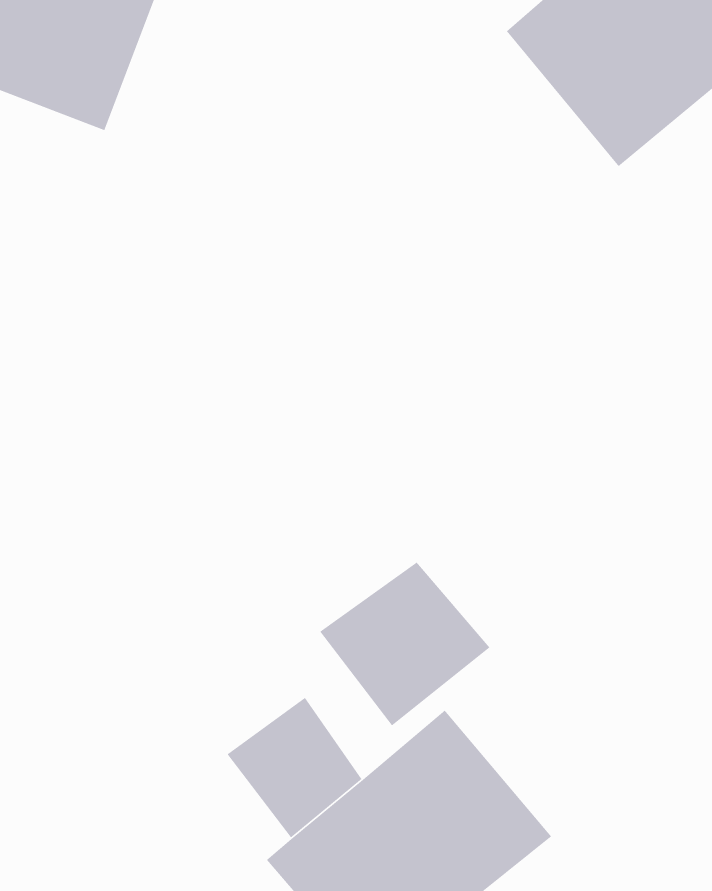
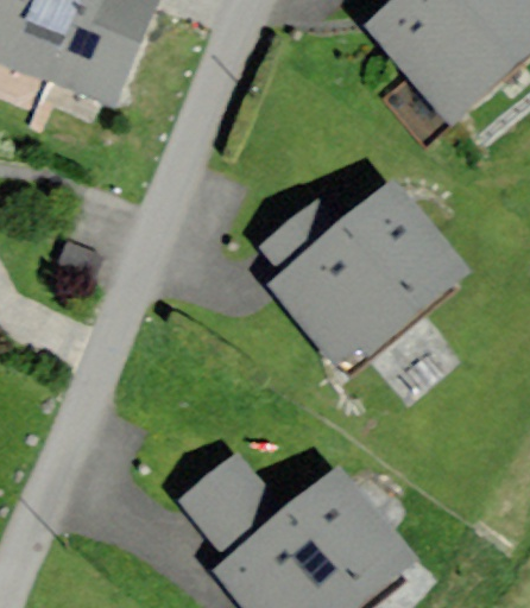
building: none -> [272,190,452,359]
building: [319,561,490,727] -> none

